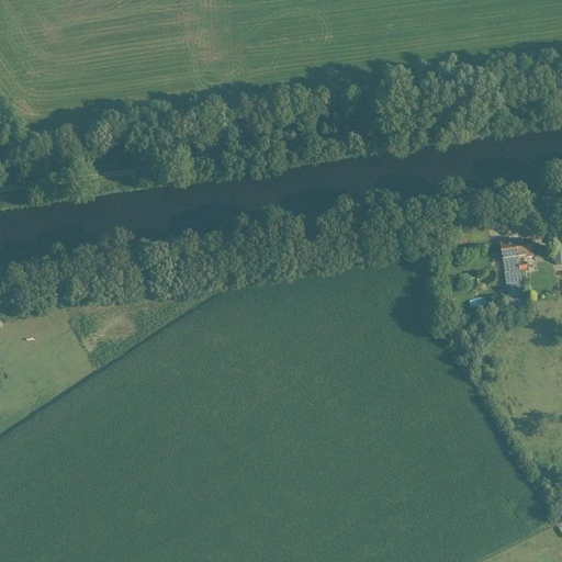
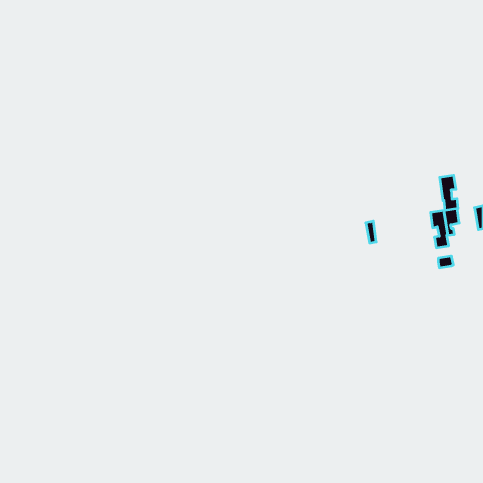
building: none -> [440,175,458,210]

